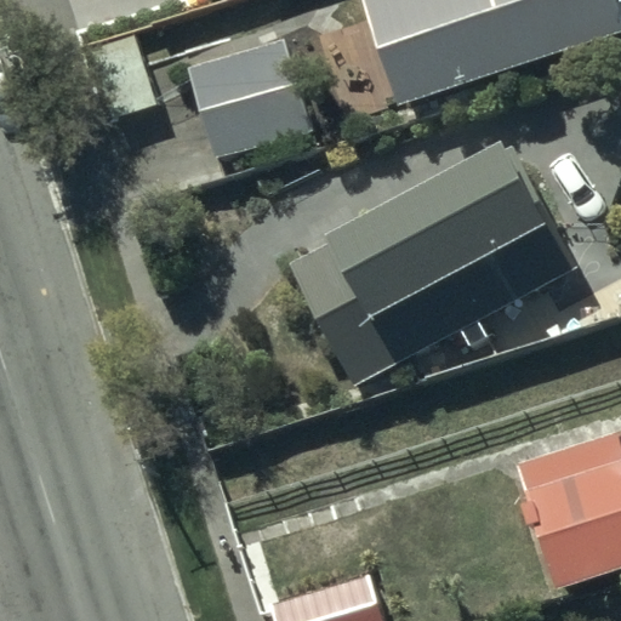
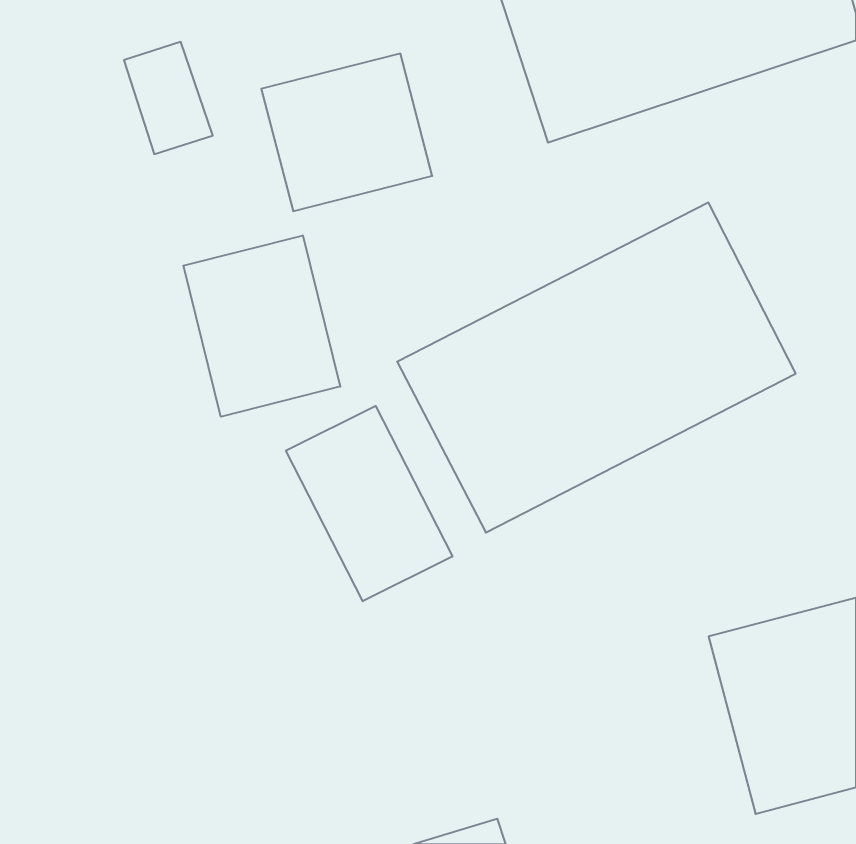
building: none -> [183,235,340,417]
building: none -> [286,406,452,601]

